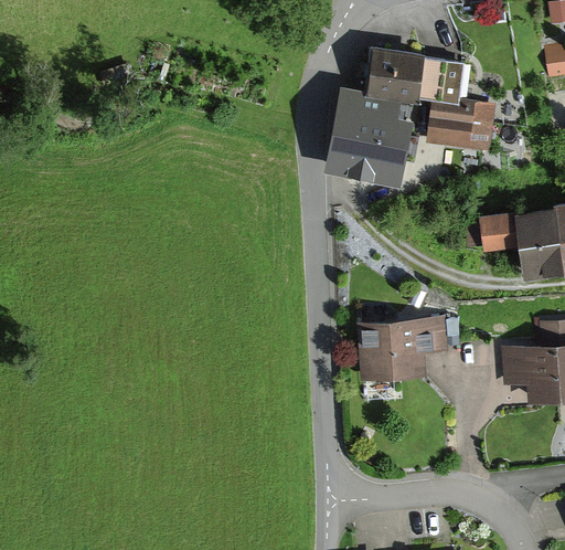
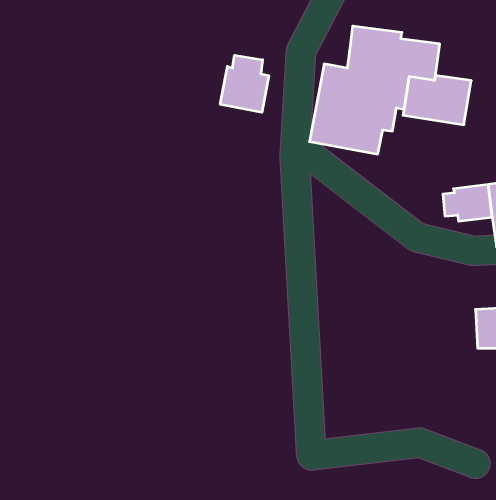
building: none -> [220,55,269,112]
building: [359,317,448,379] -> none

